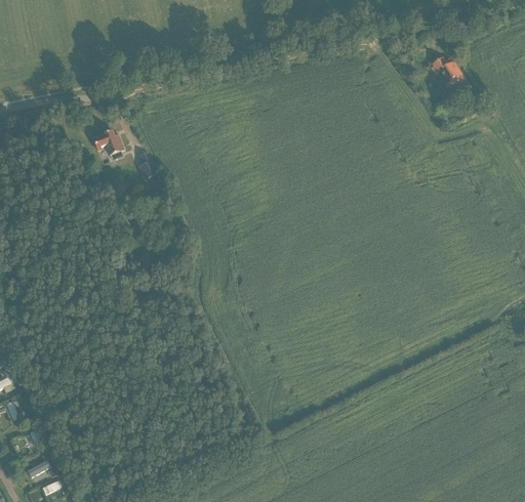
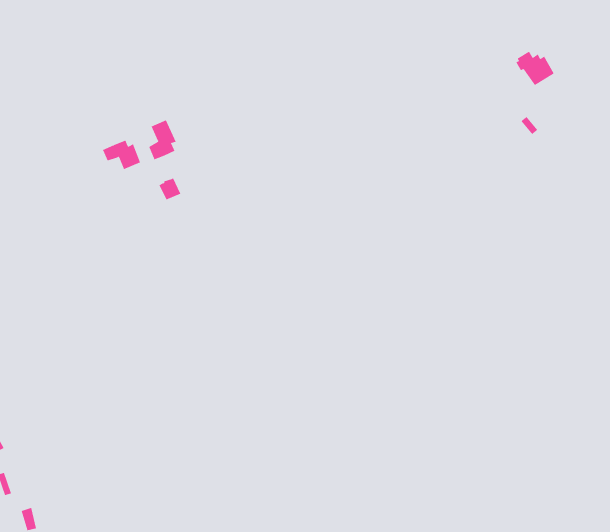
building: none -> [149,120,176,160]

